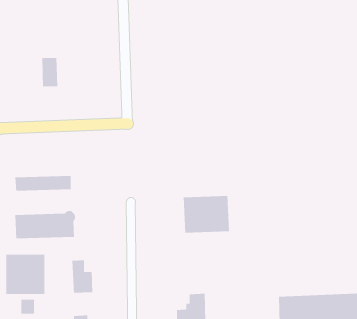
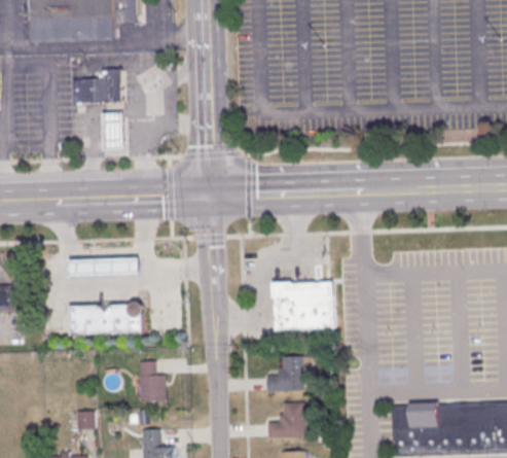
building: none -> [72,69,122,101]
building: [6,254,45,295] -> none
building: none -> [266,355,303,391]

